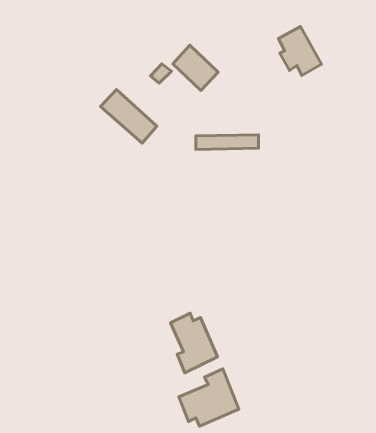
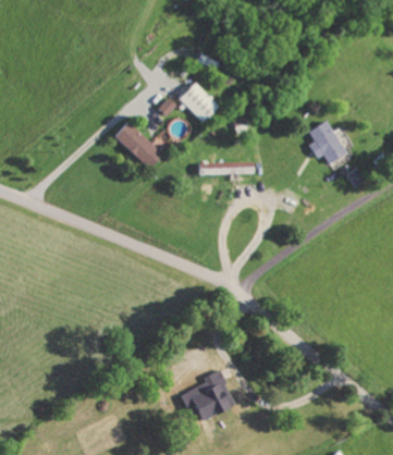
building: [279,26,321,75] -> [307,120,345,163]
building: [170,313,218,373] -> none

